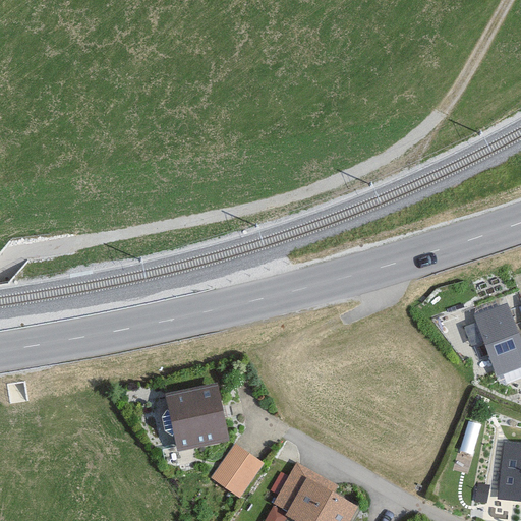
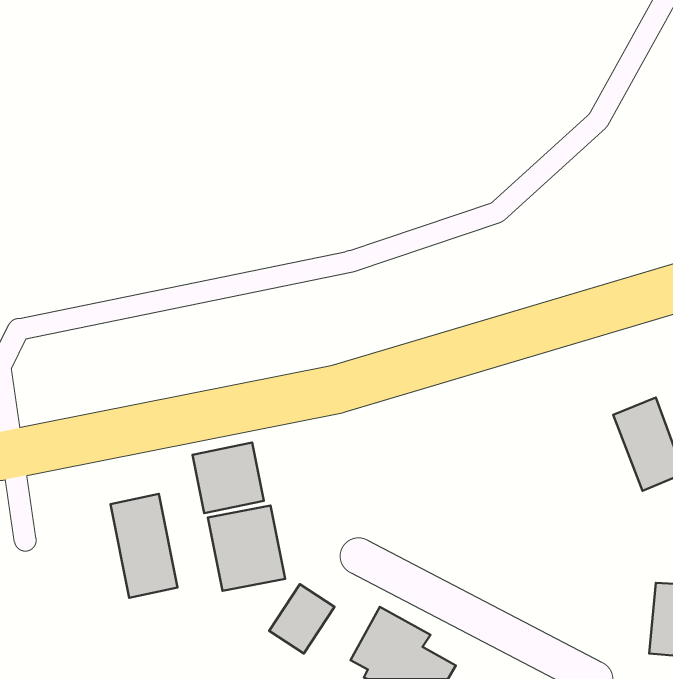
building: none -> [193,442,264,513]
building: none -> [110,494,177,598]

